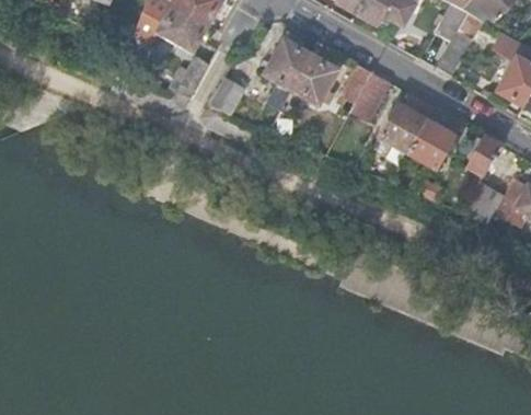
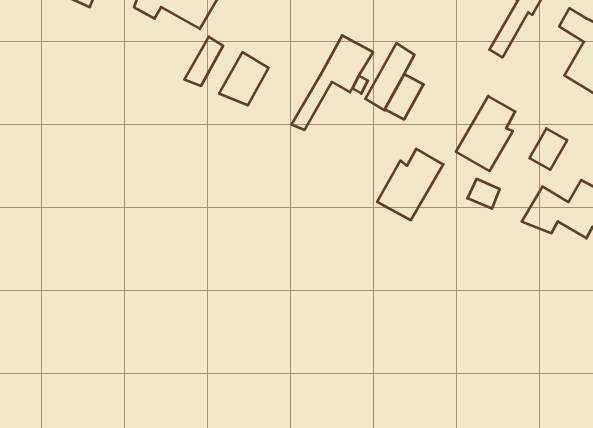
building: [266,39,311,89] -> none
building: [379,93,435,153] -> [377,149,443,220]

